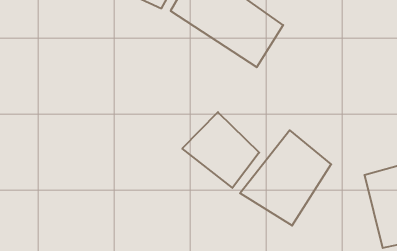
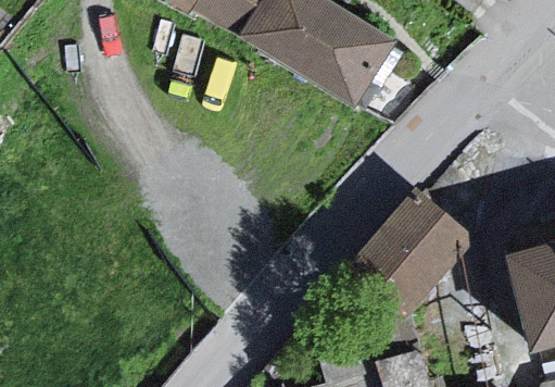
building: [182,112,259,188] -> none

